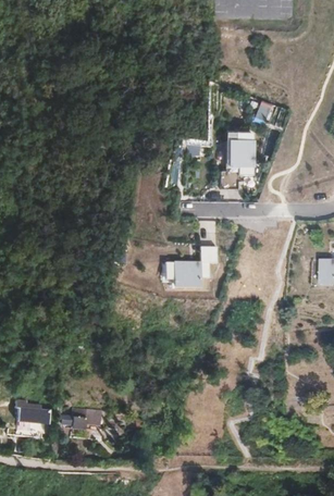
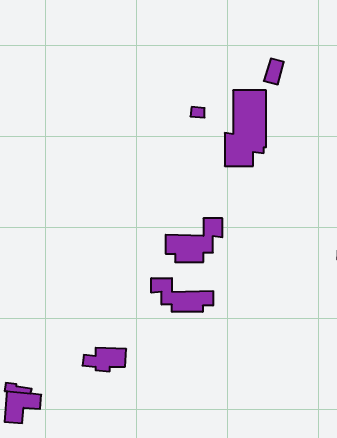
building: none -> [151,278,213,312]
building: [59,407,99,429] -> [82,348,126,371]

